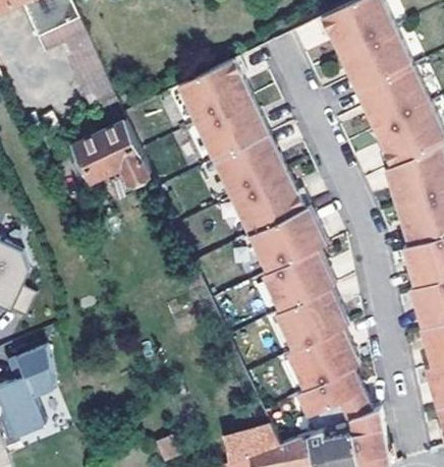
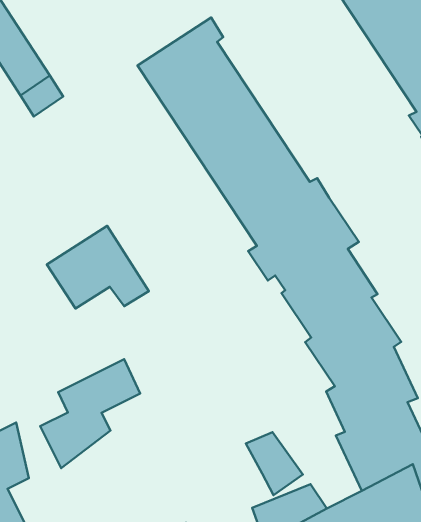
building: [74,120,150,183] -> [47,226,149,309]
building: none -> [40,359,140,468]
building: none -> [246,432,303,495]

